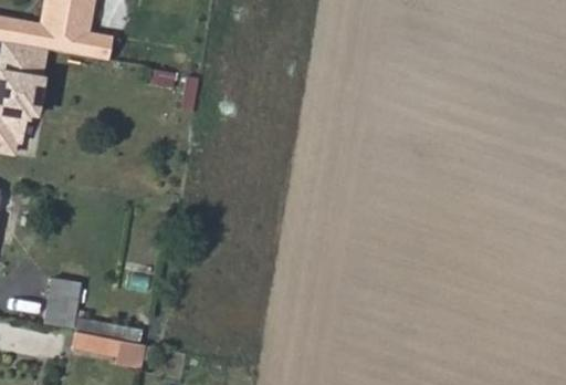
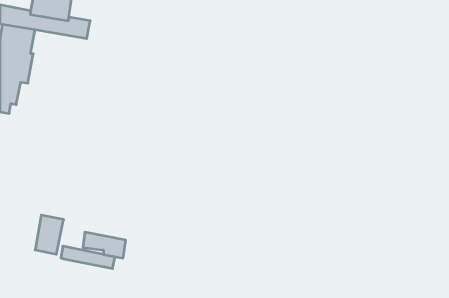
building: [78,332,132,364] -> [83,232,126,258]

